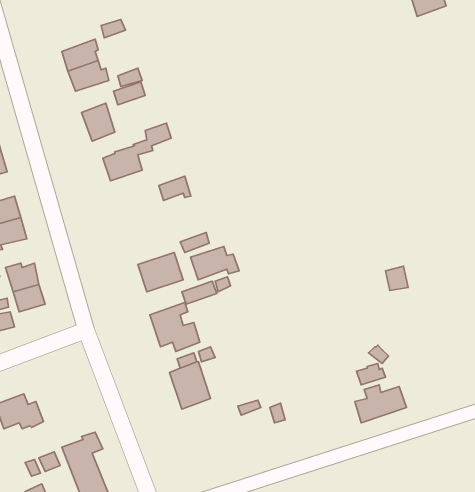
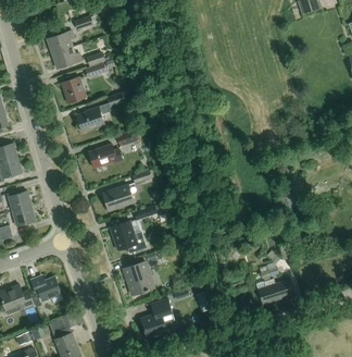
building: [191,246,239,280] -> [89,145,124,169]
building: none -> [30,275,62,303]
building: none -> [141,299,175,340]

